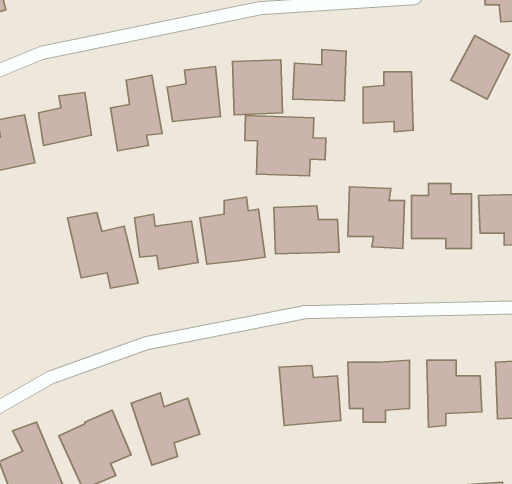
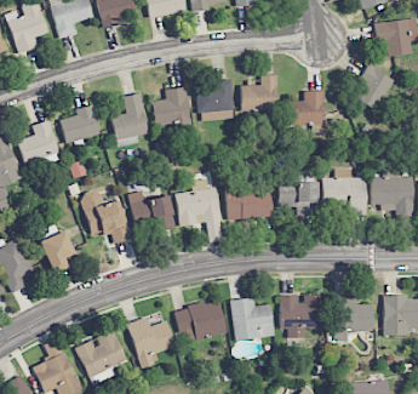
building: [245,116,326,176] -> none
building: none -> [41,232,75,270]
building: none -> [173,299,227,344]

